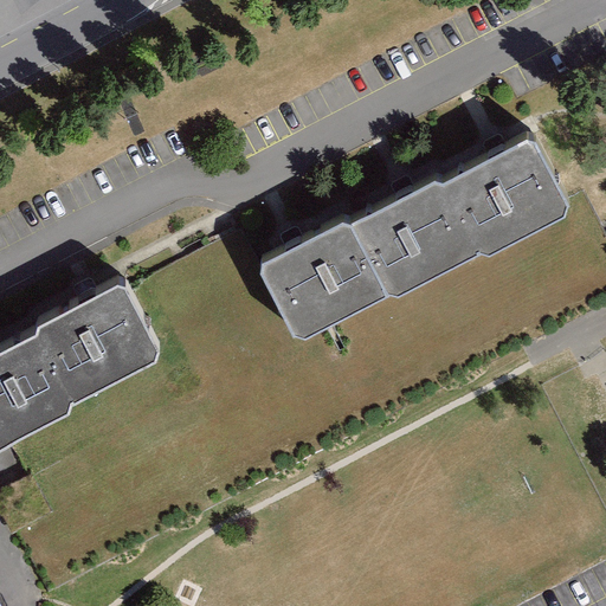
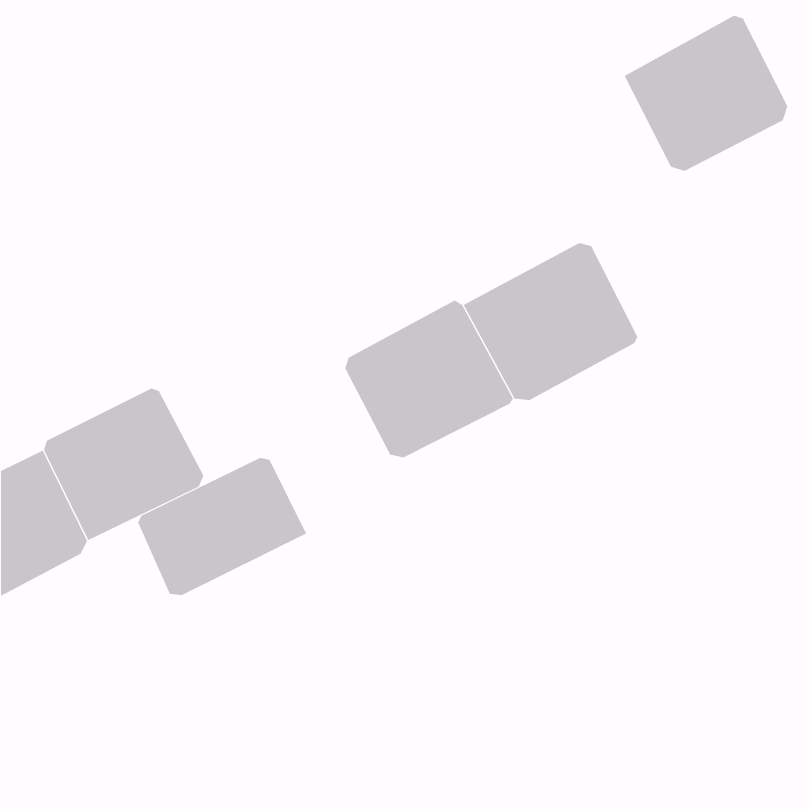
building: [444,137,566,253] -> [624,15,788,171]
building: none -> [138,457,307,596]

